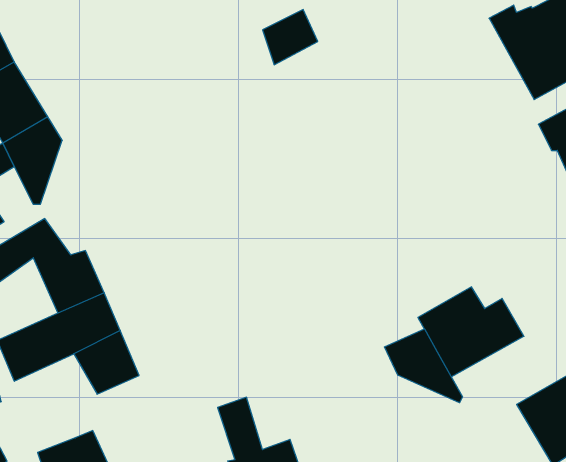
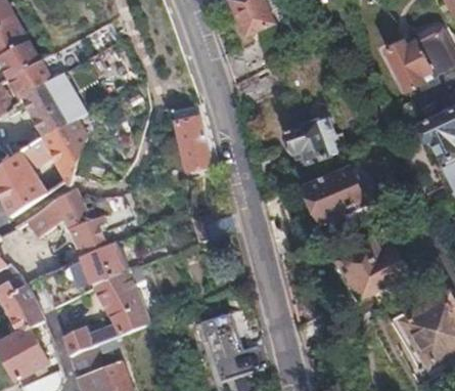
building: none -> [175,114,207,166]
building: none -> [283,119,347,169]
building: none -> [311,167,364,218]
building: [385,329,462,403] -> none
building: none -> [61,301,148,355]

